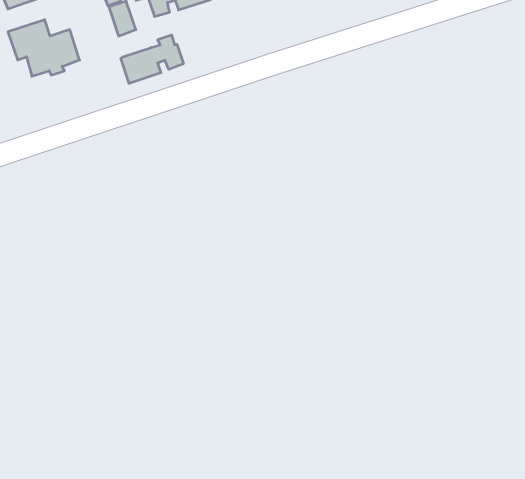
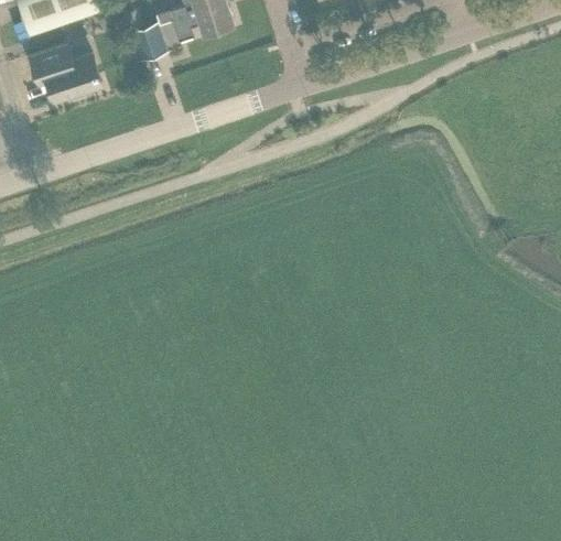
building: [121,35,183,83] -> none

